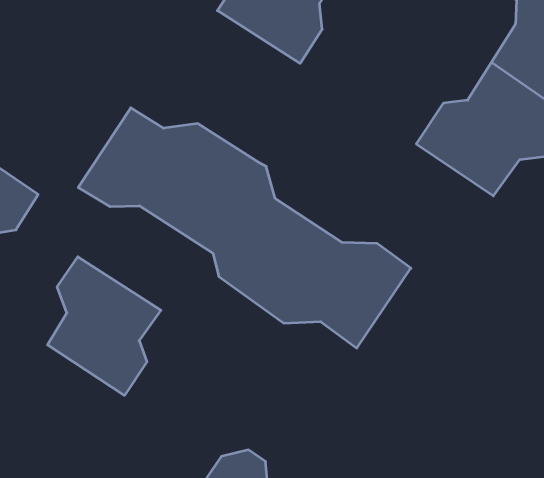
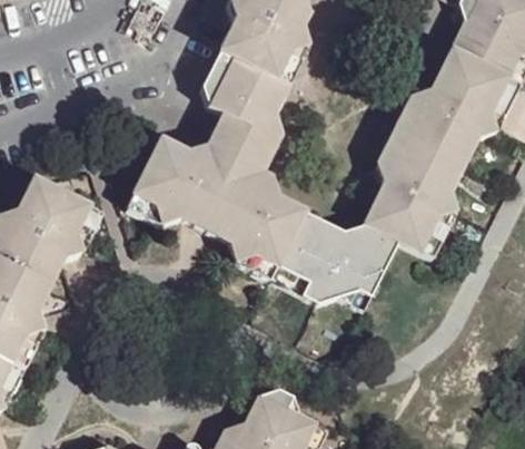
building: none -> [211,45,294,162]
building: none -> [370,133,458,250]
building: [48,257,161,395] -> none

